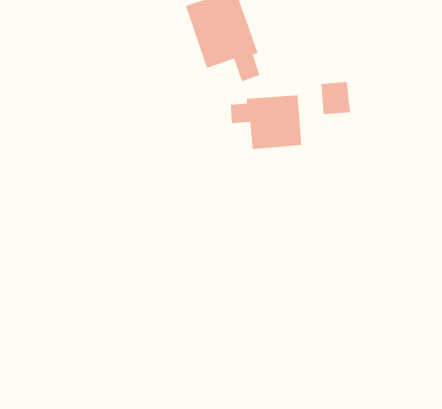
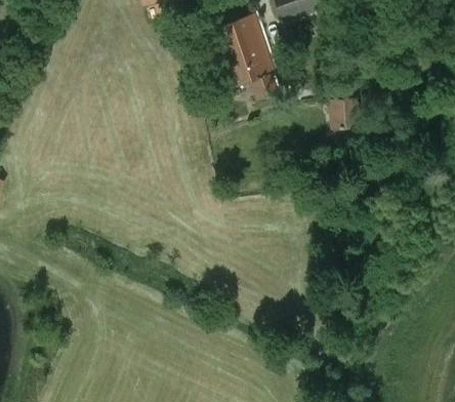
building: [230,95,302,150] -> none

